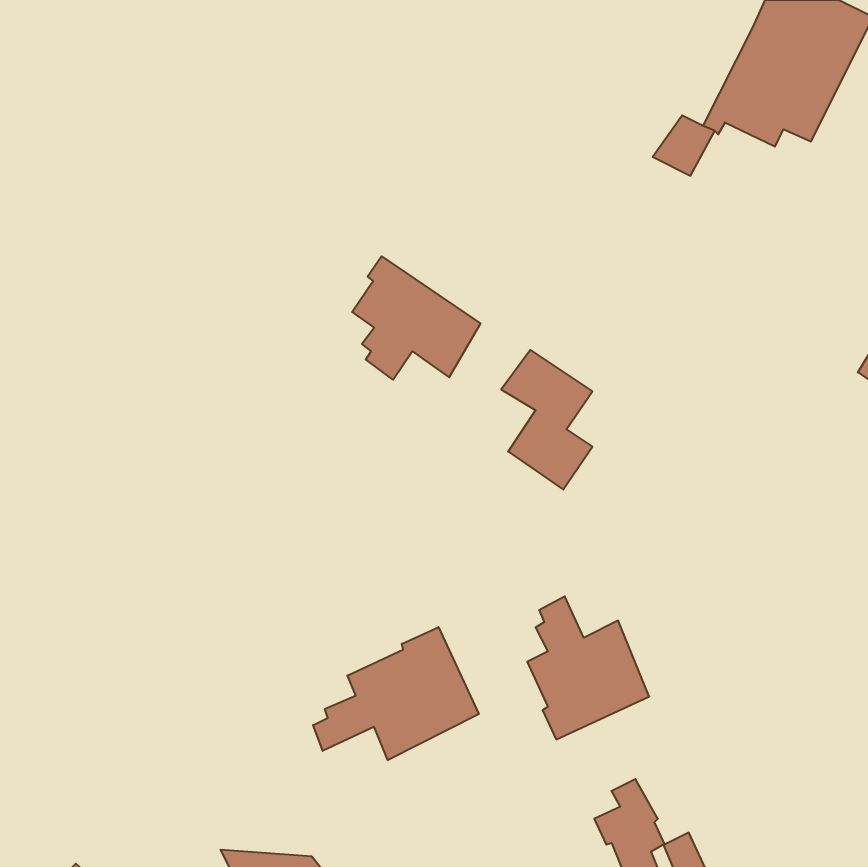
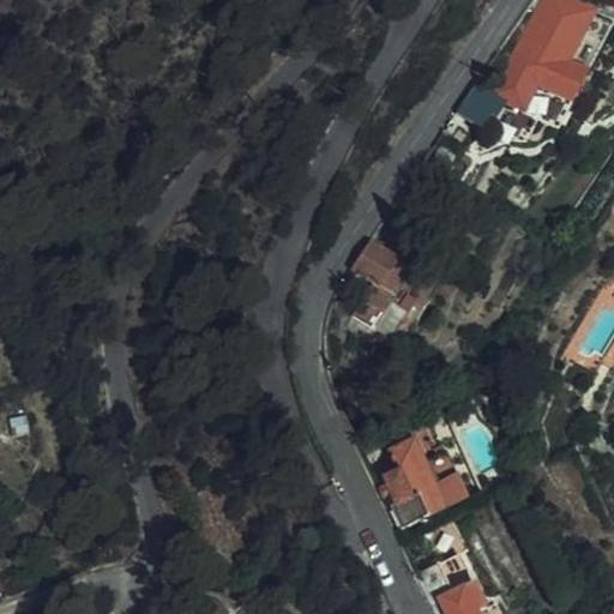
building: [352,256,480,380] -> none
building: [313,627,479,760] -> none

